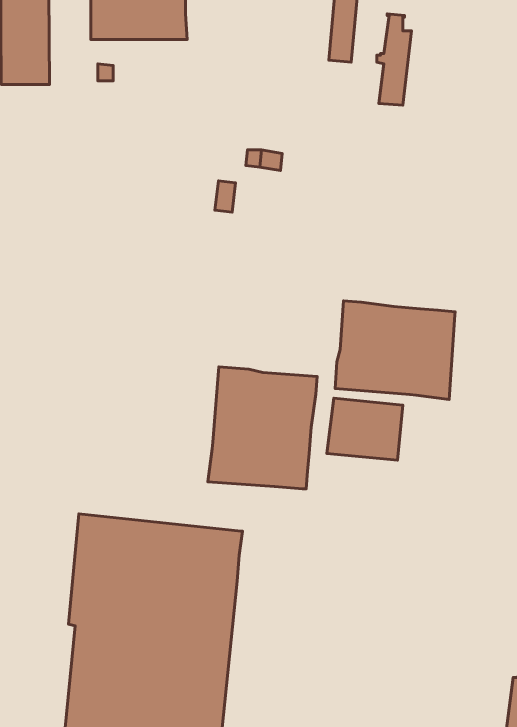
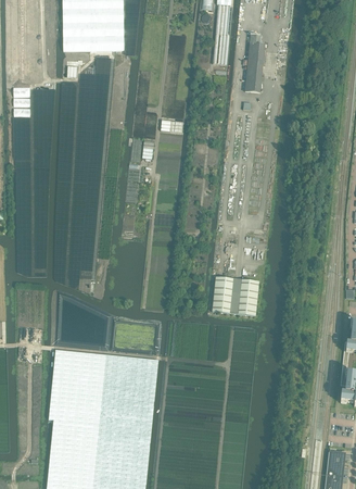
building: [335,301,455,400] -> none
building: [208,367,317,489] -> none

